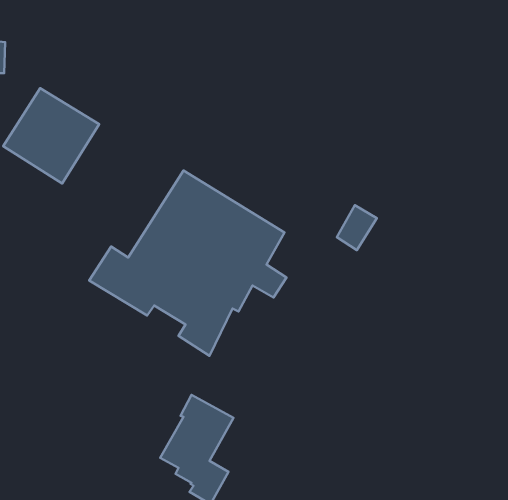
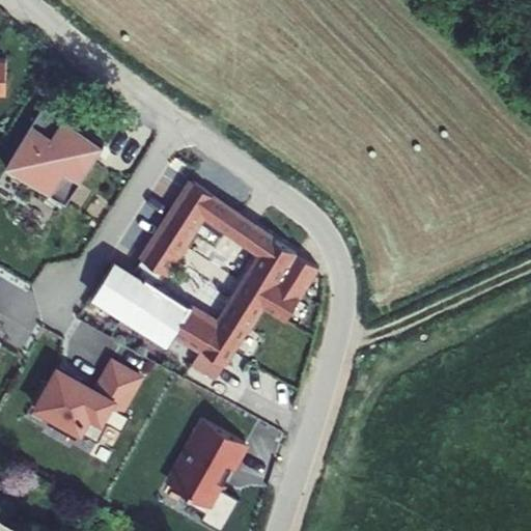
building: [337,205,377,250] -> [276,253,317,300]
building: none -> [30,358,139,439]

